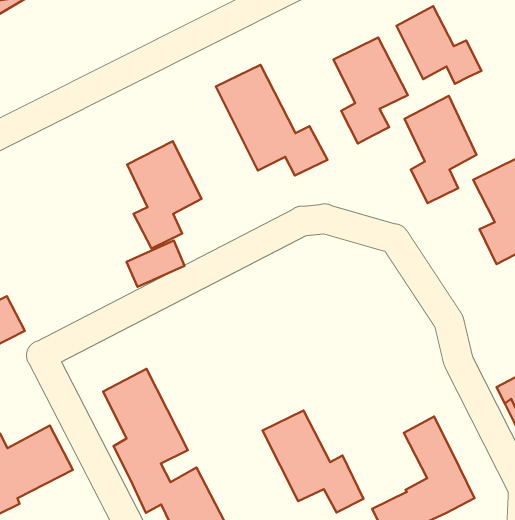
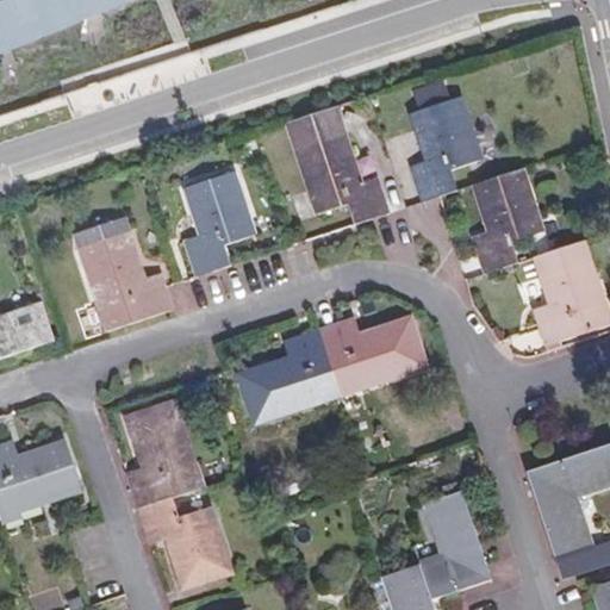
building: [396,6,481,84] -> none
building: none -> [75,217,172,331]
building: none -> [241,318,425,422]
building: [263,411,364,512] -> none

